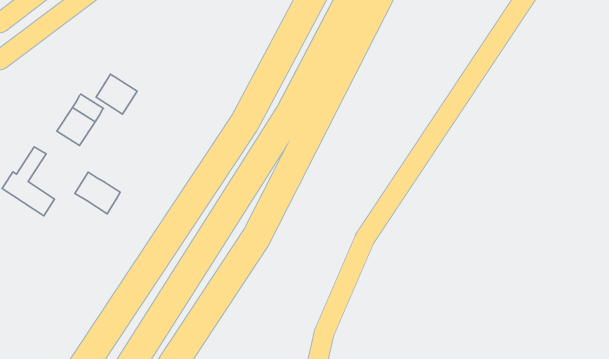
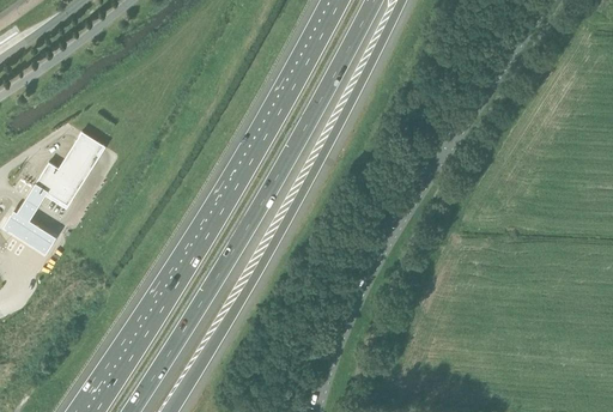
building: [96,74,137,114] -> none
building: [75,172,120,214] -> [35,164,80,206]

